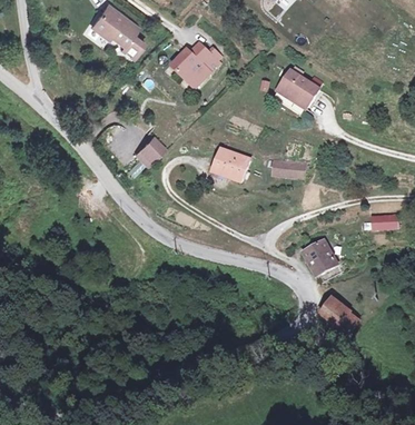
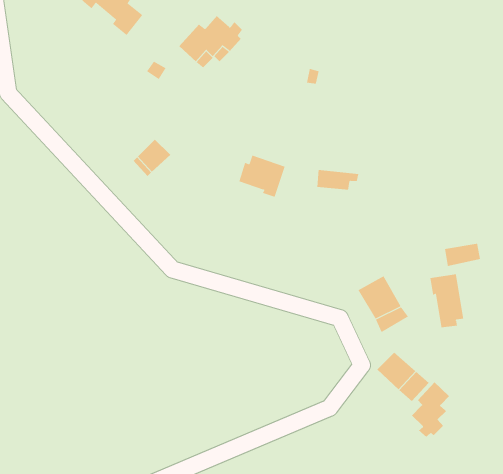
building: [279,69,319,109] -> none
building: none -> [430,274,464,328]
building: none -> [411,382,450,438]

